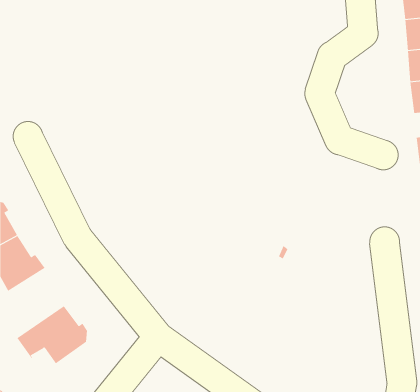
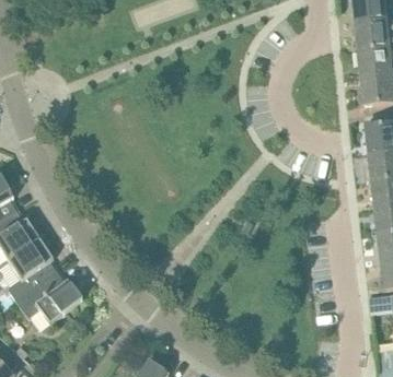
building: none -> [9,239,58,301]

